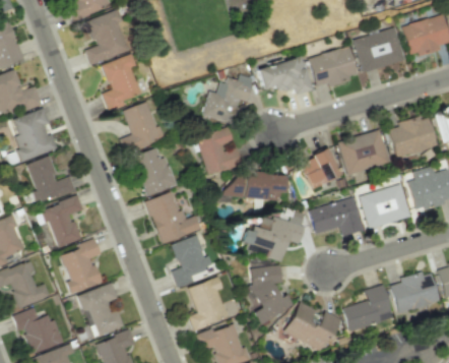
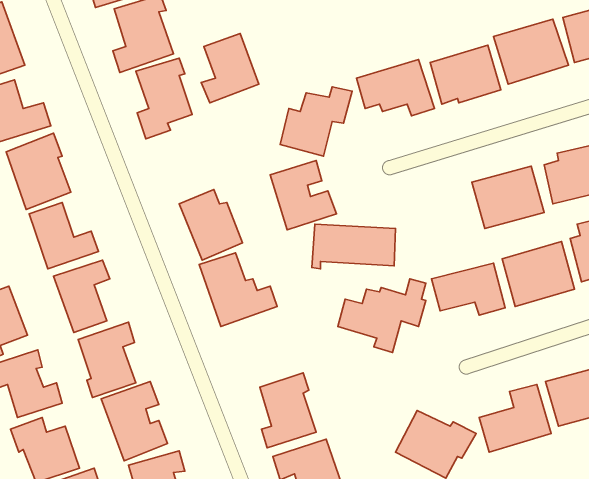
building: [122,104,163,153] -> [201,34,259,103]
building: [301,149,340,188] -> none
building: [172,235,211,288] -> none
building: [248,265,294,324] -> none

